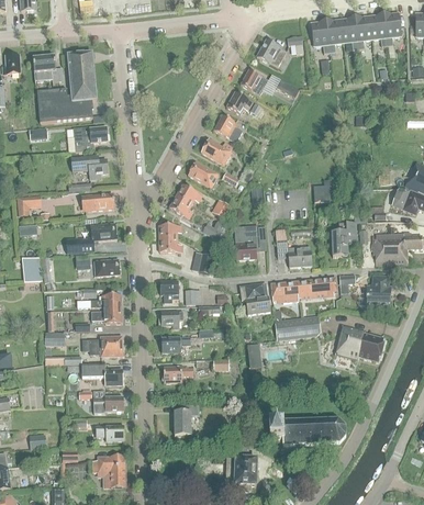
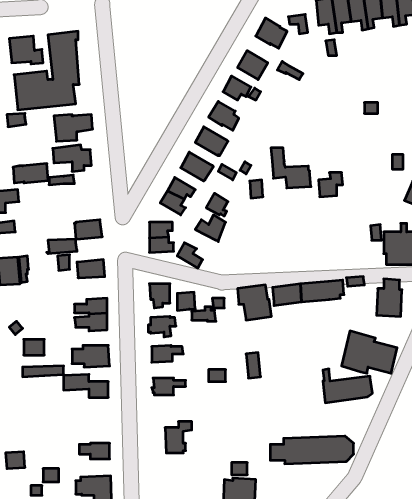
building: [81,193,113,211] -> [13,164,48,183]
building: [331,223,356,256] -> none
building: [234,227,265,260] -> none
building: [275,231,311,267] -> [271,148,311,188]
building: [275,310,320,340] -> [323,369,372,403]
building: [93,396,123,413] -> none

